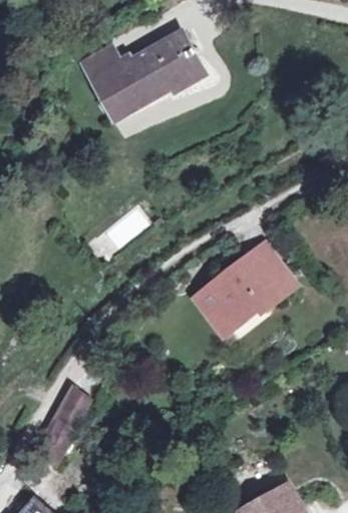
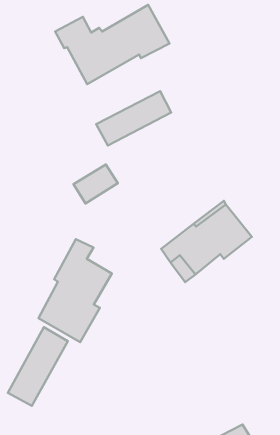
building: none -> [96,91,171,146]
building: none -> [38,239,112,342]

